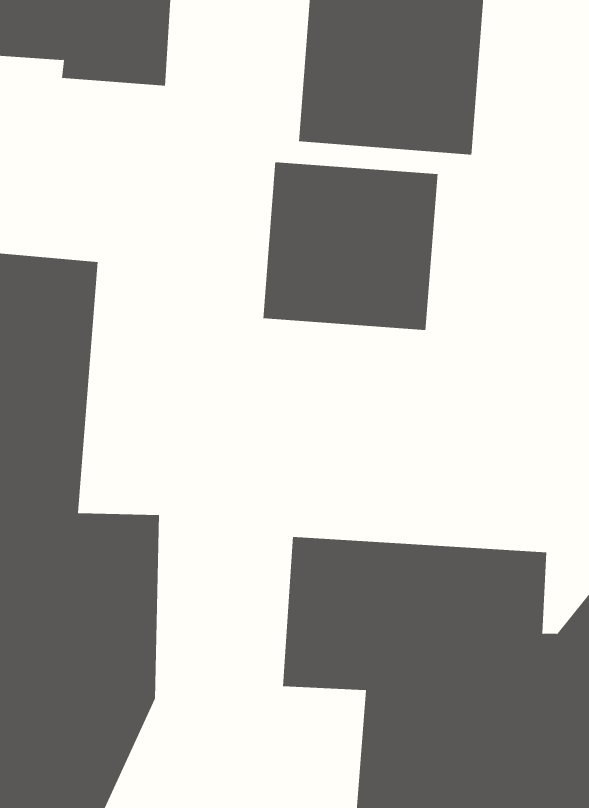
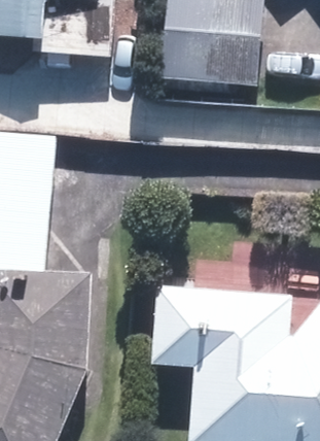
building: [263,161,438,331] -> none

